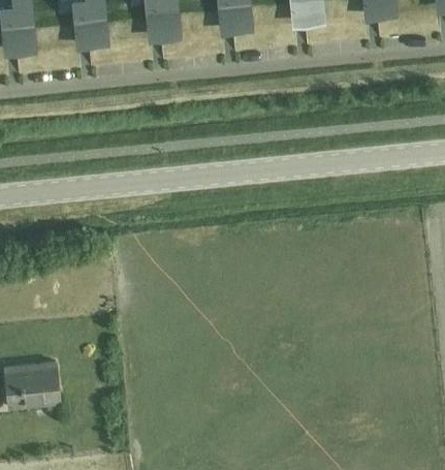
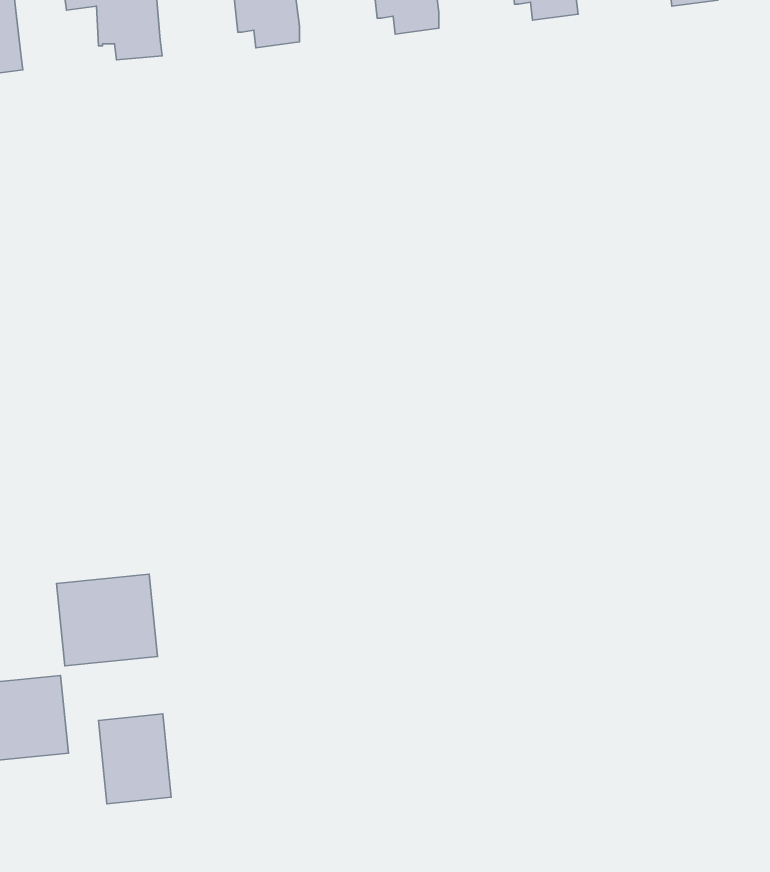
building: none -> [56,574,157,666]
building: none -> [98,714,171,804]

